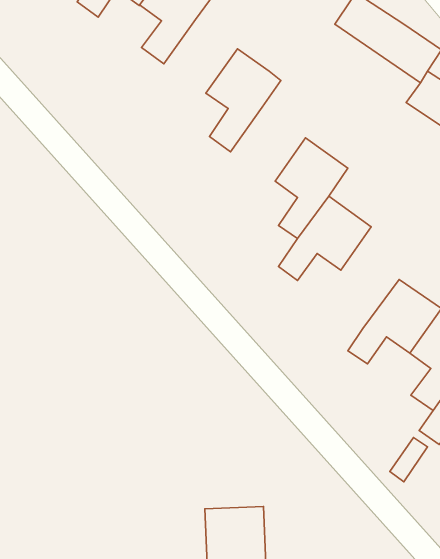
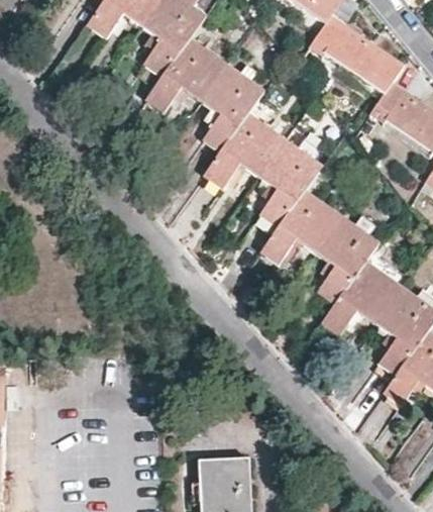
building: none -> [147,37,227,111]
building: none -> [205,113,286,187]
building: none -> [316,216,380,304]

